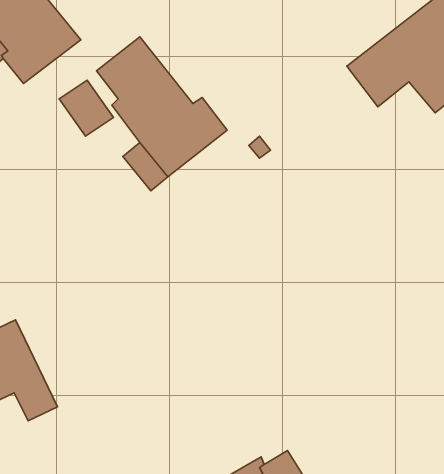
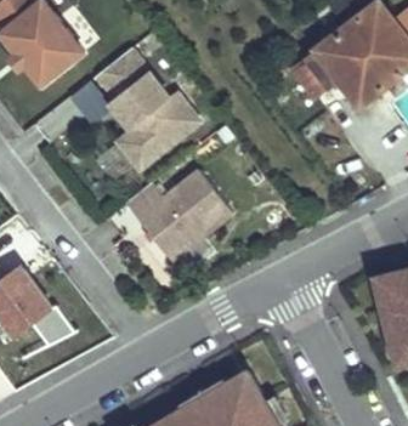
building: none -> [125,170,232,262]

